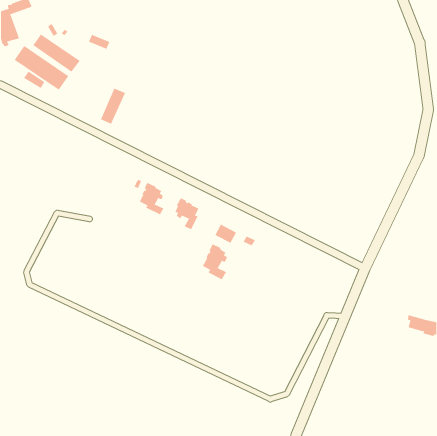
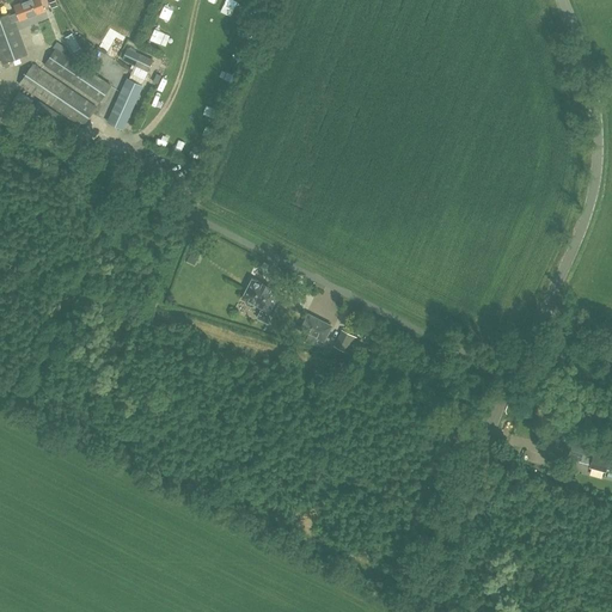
building: [100,88,126,125] -> [108,78,143,129]
building: [139,182,164,215] -> none
building: [202,243,228,280] -> none

